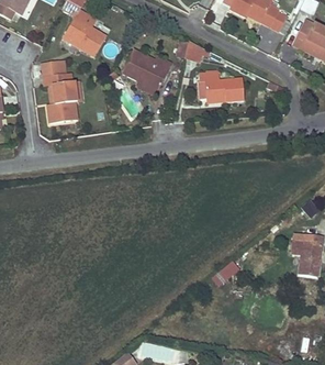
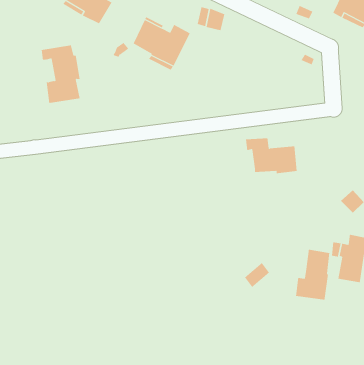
building: [199,71,244,102] -> [245,138,298,174]
building: none -> [295,249,330,301]

